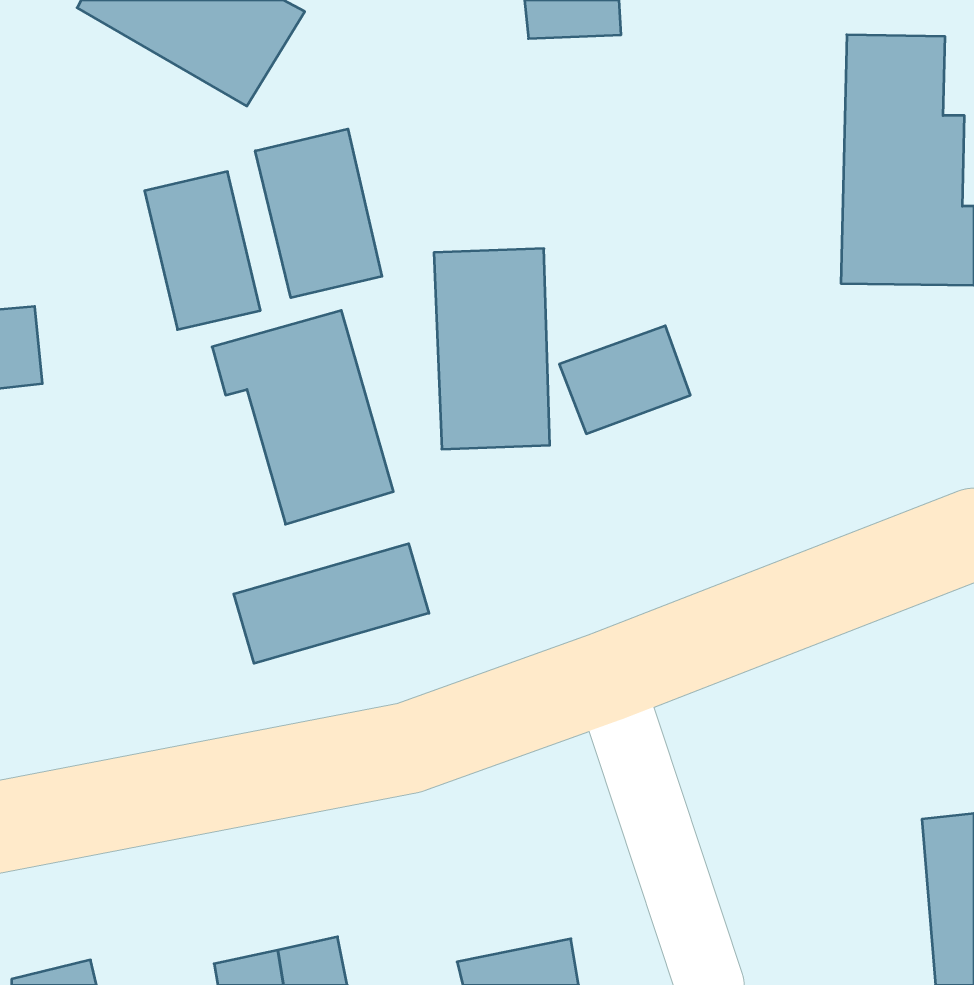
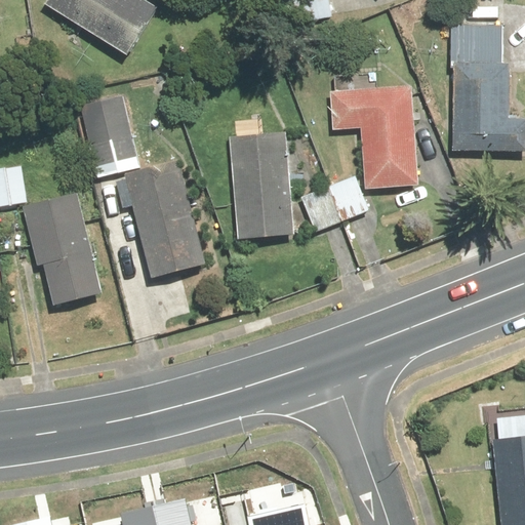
building: [255,129,382,298] -> none
building: none -> [328,84,417,189]
building: none -> [27,191,104,304]
building: [234,544,429,663] -> none

